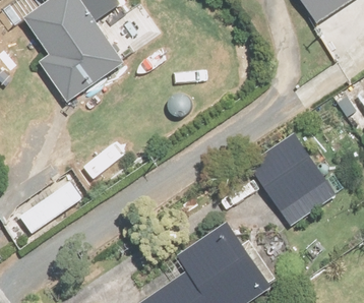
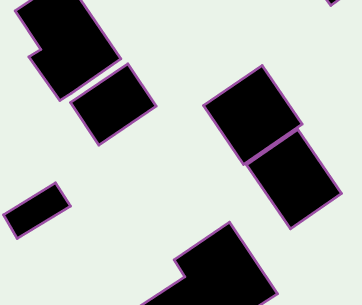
building: none -> [70,64,156,145]
building: none -> [204,65,302,164]

